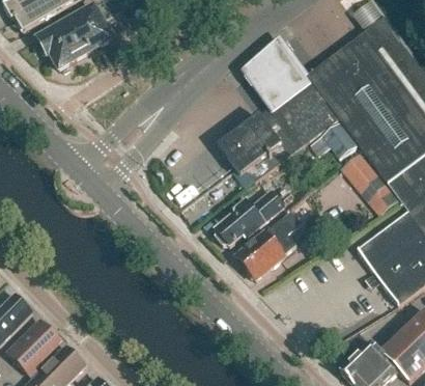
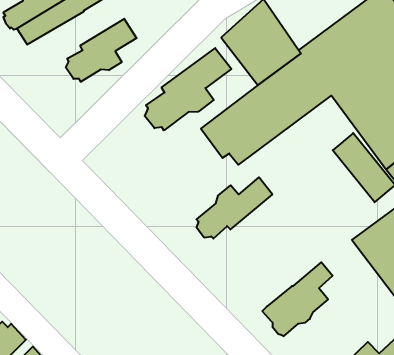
building: none -> [66,19,137,82]
building: none -> [145,48,231,130]
building: [322,121,357,157] -> none
building: [236,210,301,277] -> [262,262,333,336]

